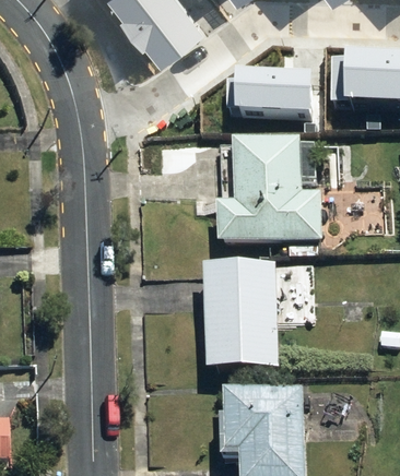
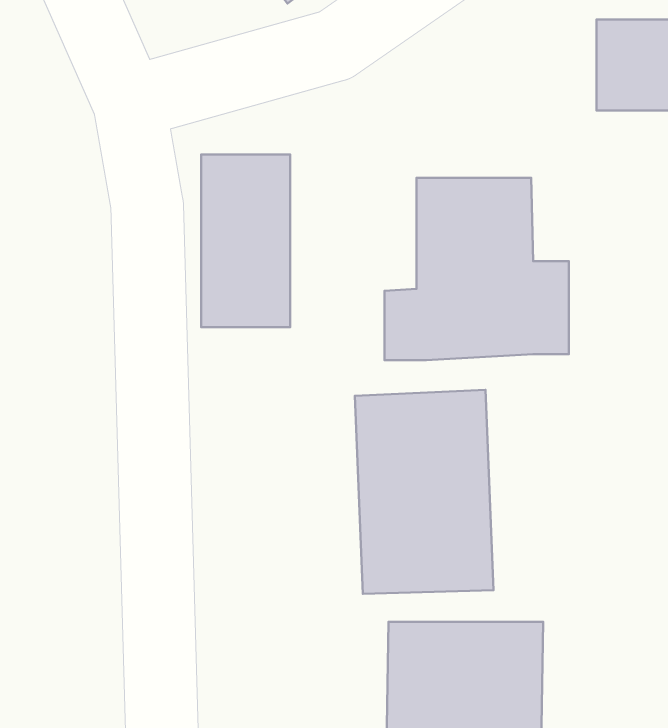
building: [240,74,316,116] -> none
building: none -> [201,154,290,327]

